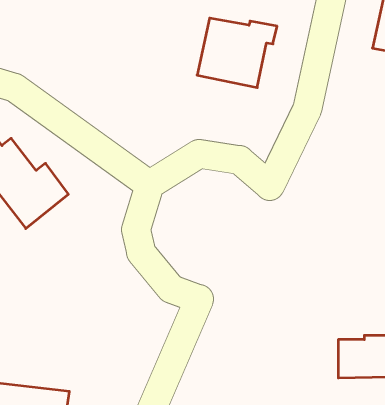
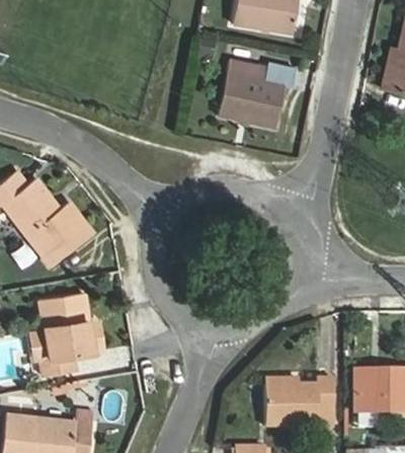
building: none -> [39,293,92,376]
building: none -> [264,378,334,427]

